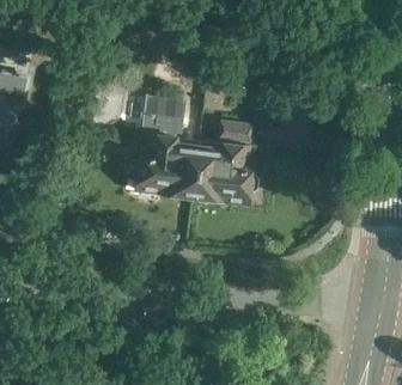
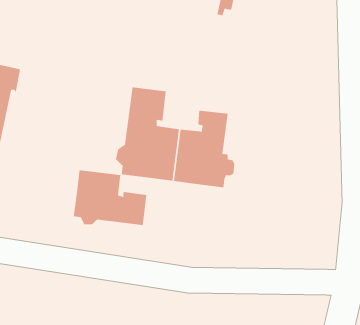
building: none -> [73,169,147,226]

